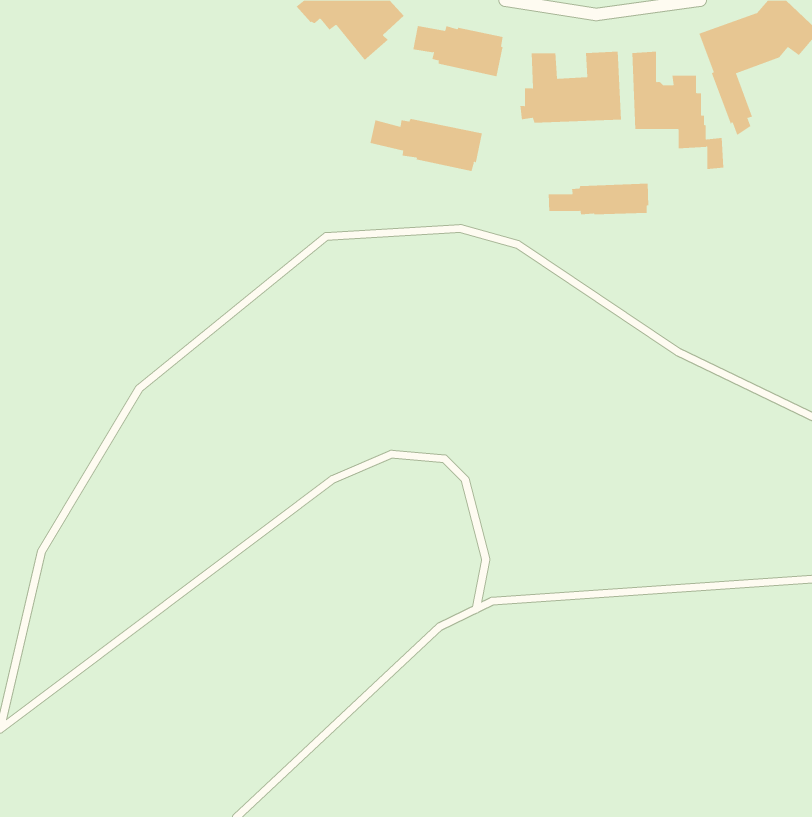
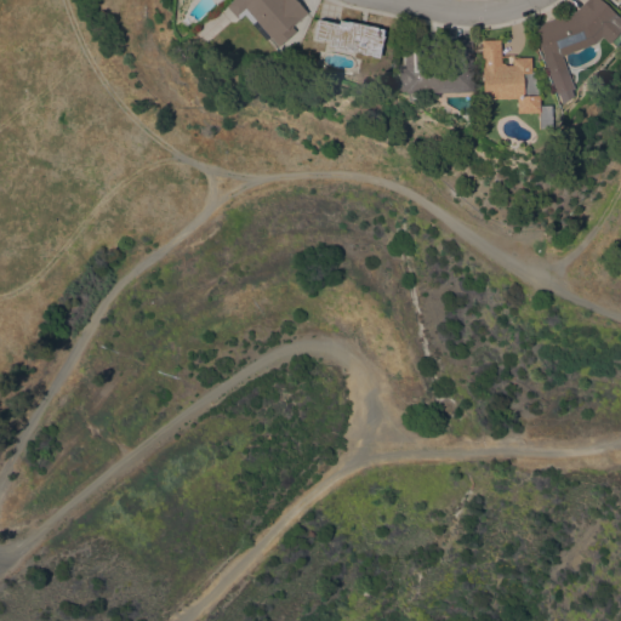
building: [370,118,483,172] -> none
building: [548,183,649,215] -> none

